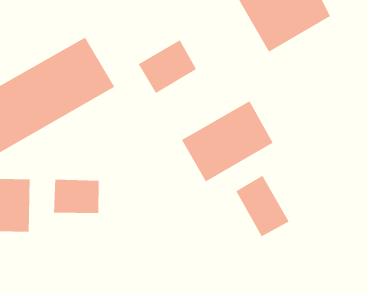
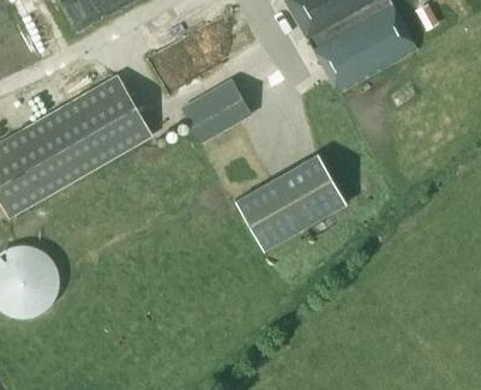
building: [236,175,289,237] -> none
building: [54,179,99,214] -> none

